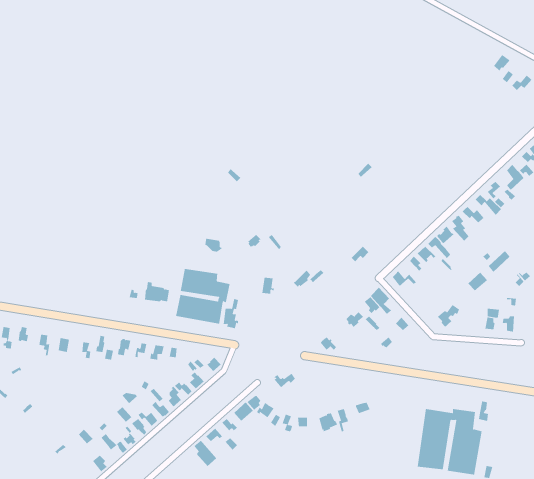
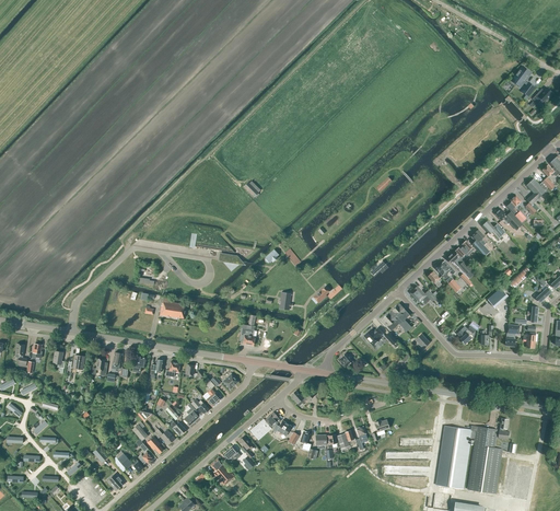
building: [176,268,230,324] -> none

